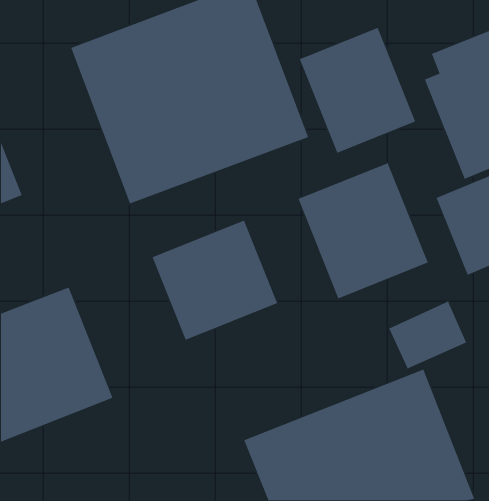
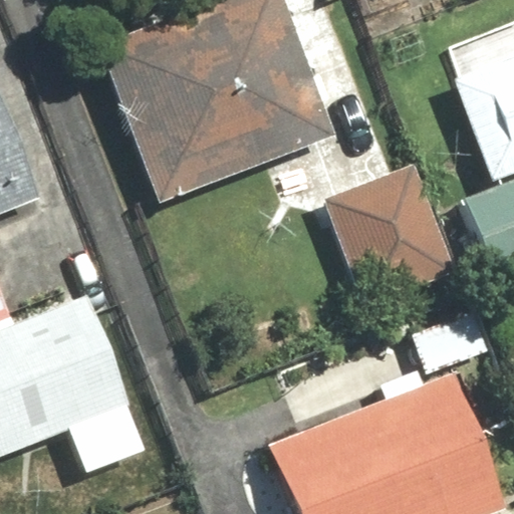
building: [299,27,416,154] -> none
building: [151,220,278,341] -> none

